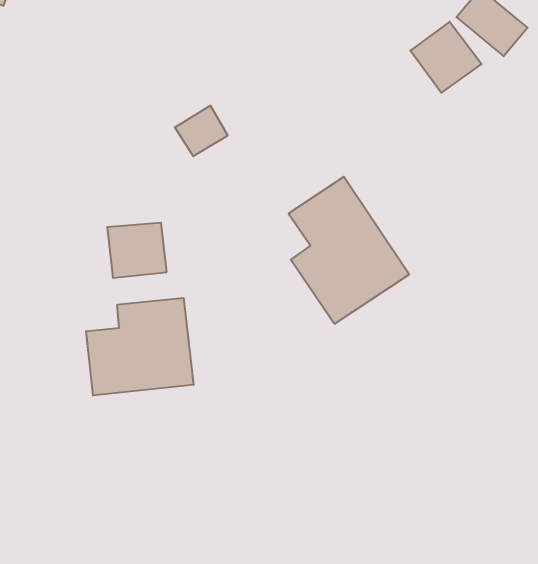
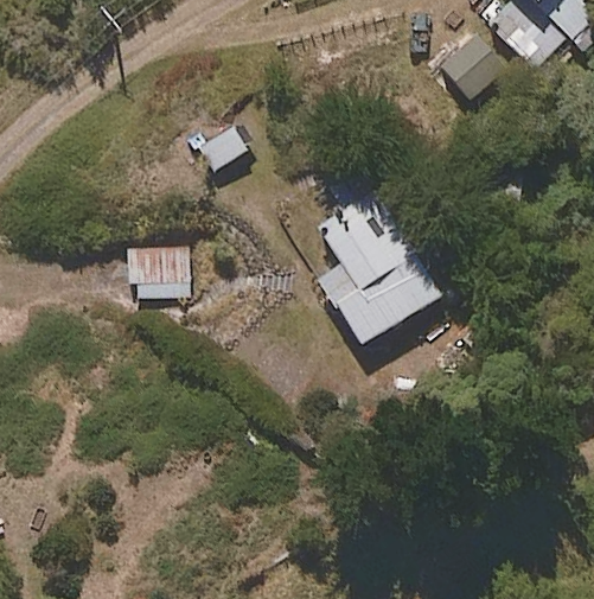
building: [86,298,193,396] -> none

